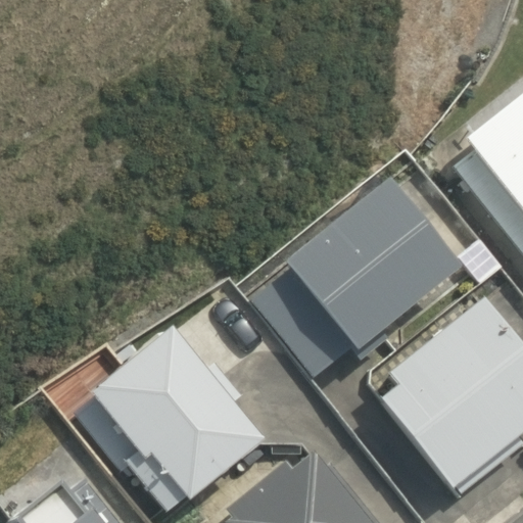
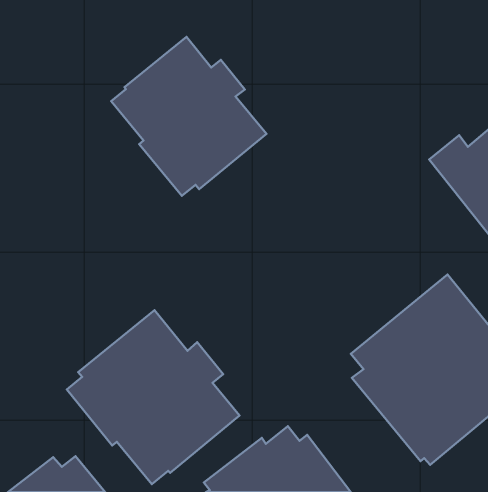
building: none -> [111,37,266,196]
building: [252,180,458,378] -> none

